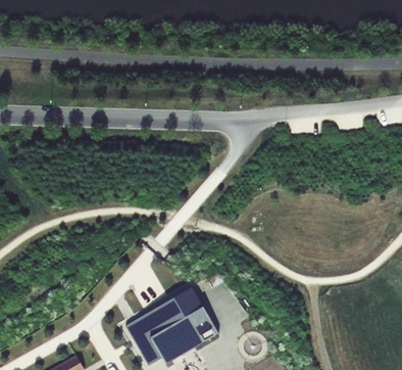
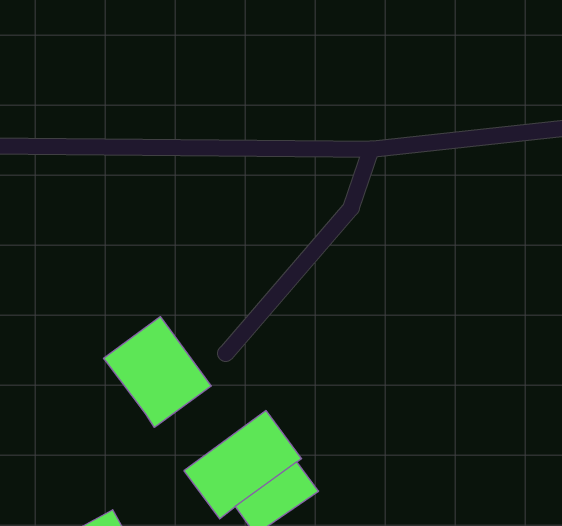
building: none -> [104,317,211,427]

